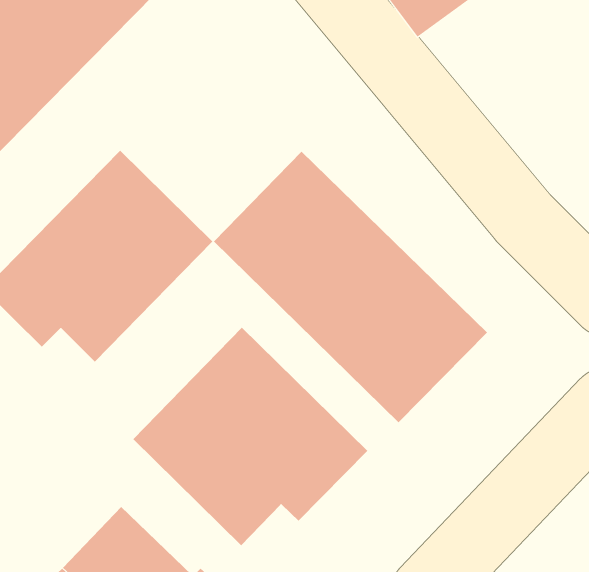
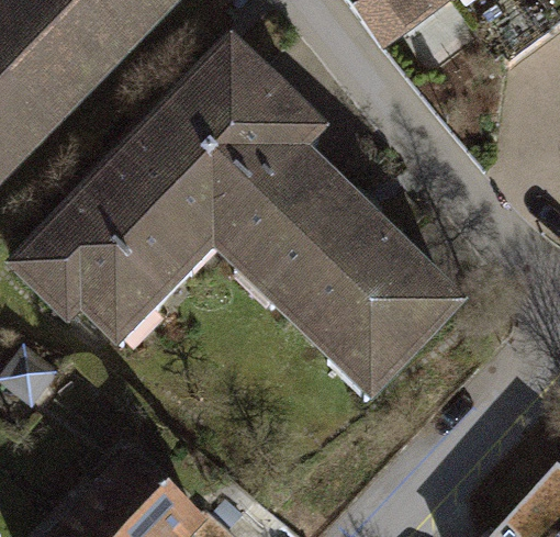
building: none -> [135,47,314,226]
building: [132,327,368,546] -> none

